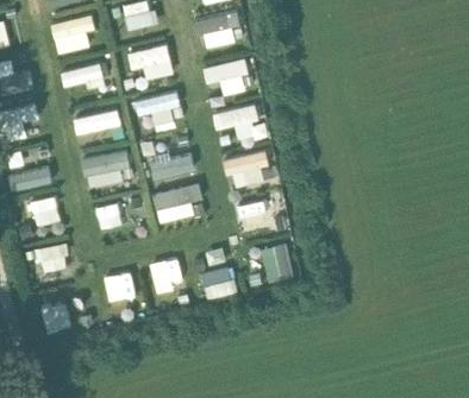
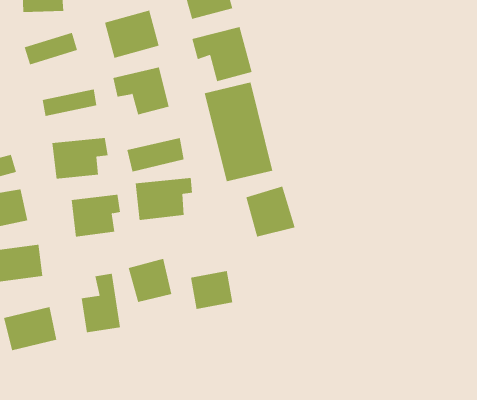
building: [263,245,293,283] -> none

